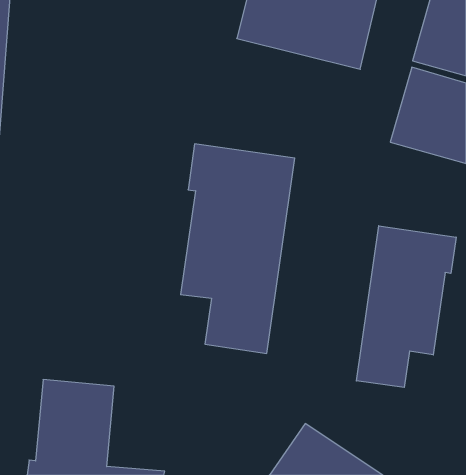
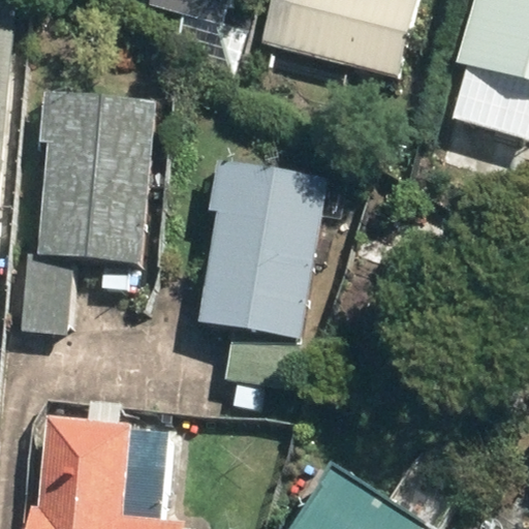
building: none -> [21,94,157,332]
building: [356,226,456,387] -> none

